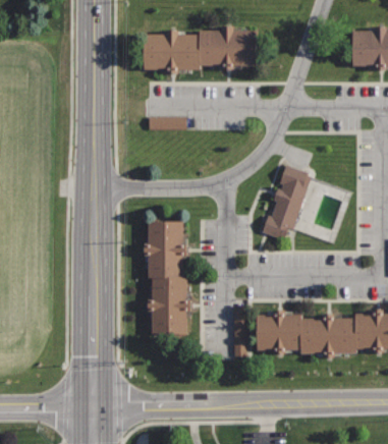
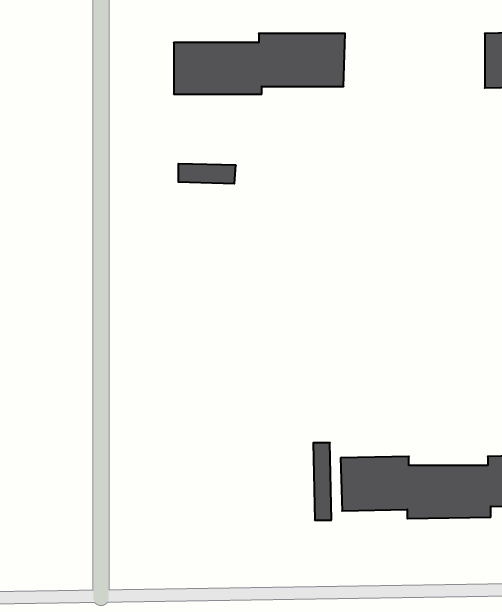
building: [260,163,311,240] -> none
building: [146,221,186,335] -> none

